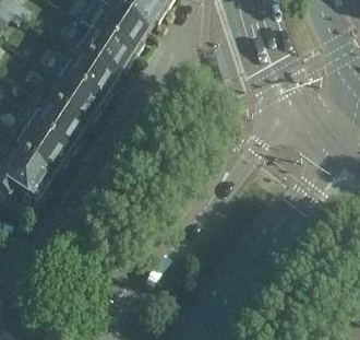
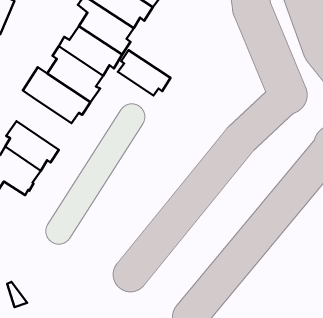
building: none -> [118,50,170,95]
building: [24,104,81,155] -> none

